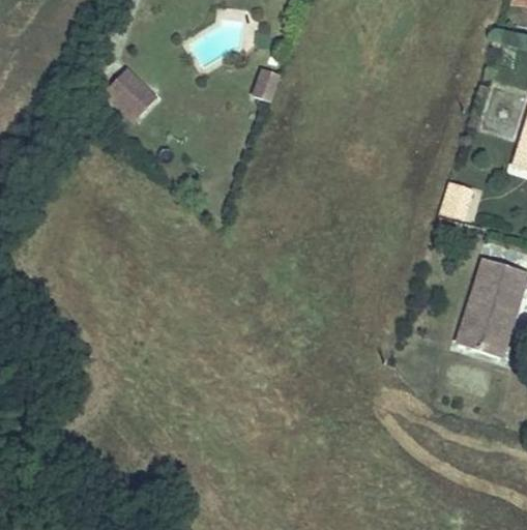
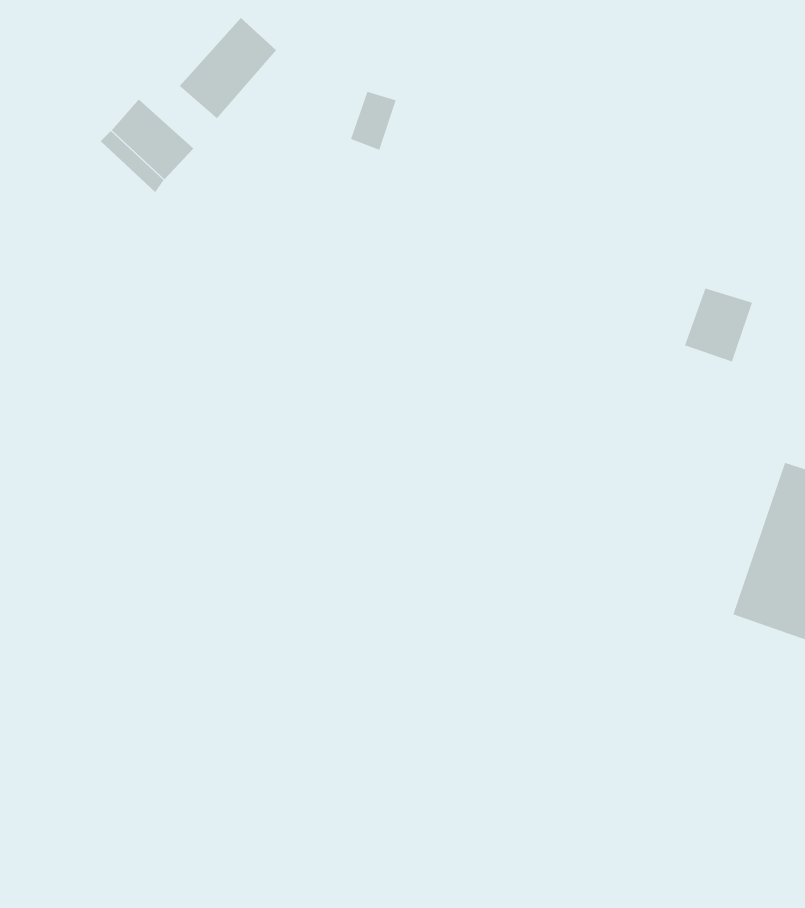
building: none -> [179,17,277,119]

